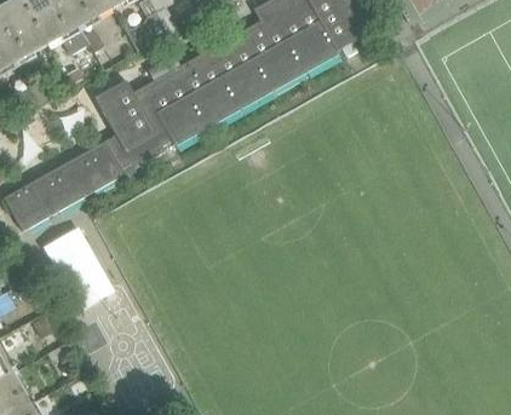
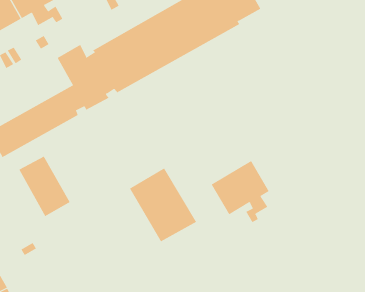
building: none -> [211,160,270,223]
building: none -> [129,167,197,242]

